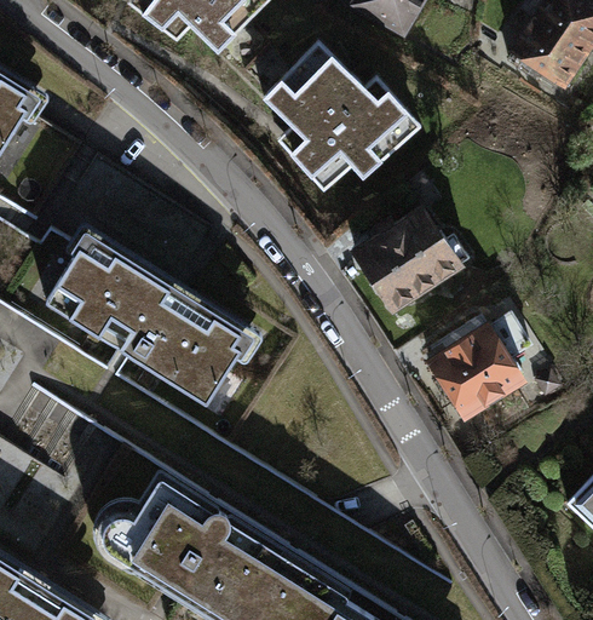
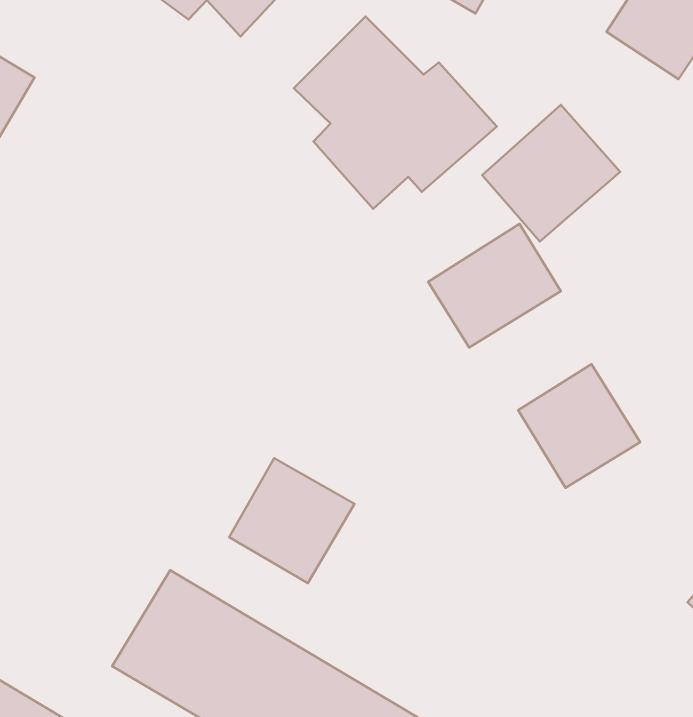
building: none -> [482,105,620,242]
building: [42,226,266,412] -> none
building: none -> [229,458,354,583]

